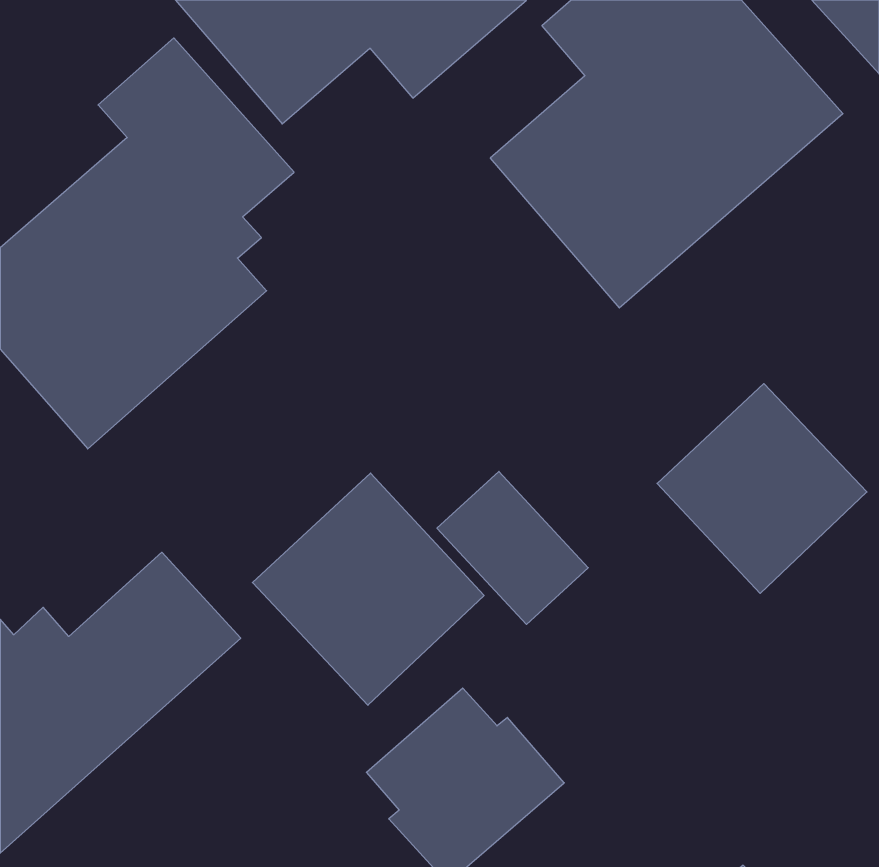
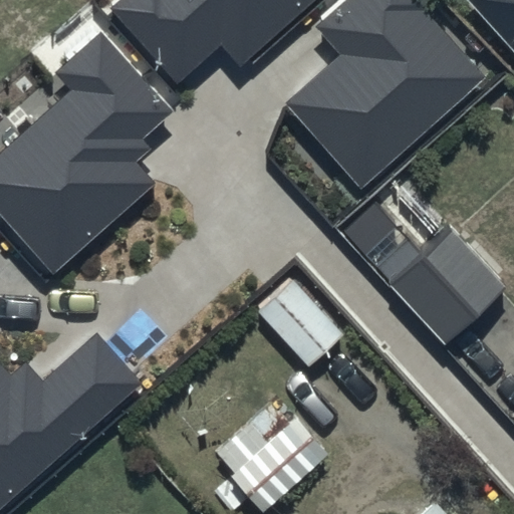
building: [252,473,484,705] -> none

